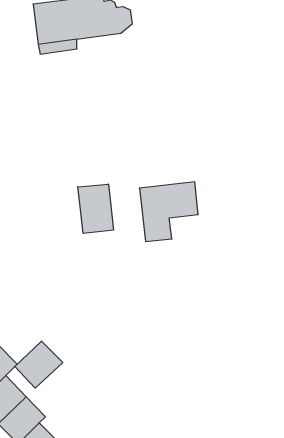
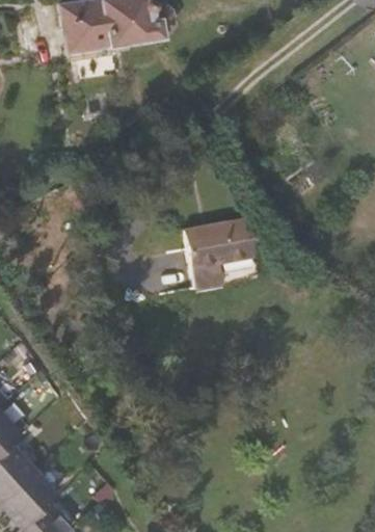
building: [78,184,113,233] -> none
building: [15,341,63,388] -> none

